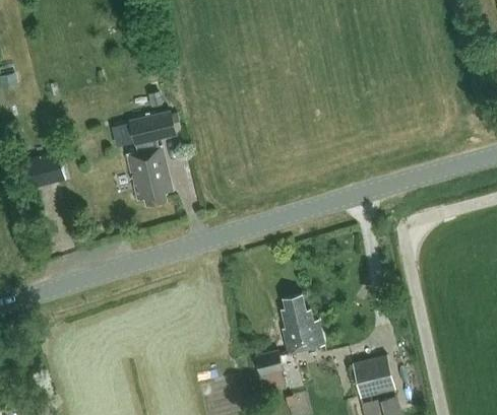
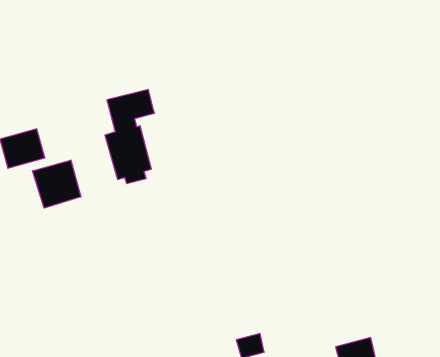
building: none -> [32,160,81,208]
building: [283,295,323,355] -> none

